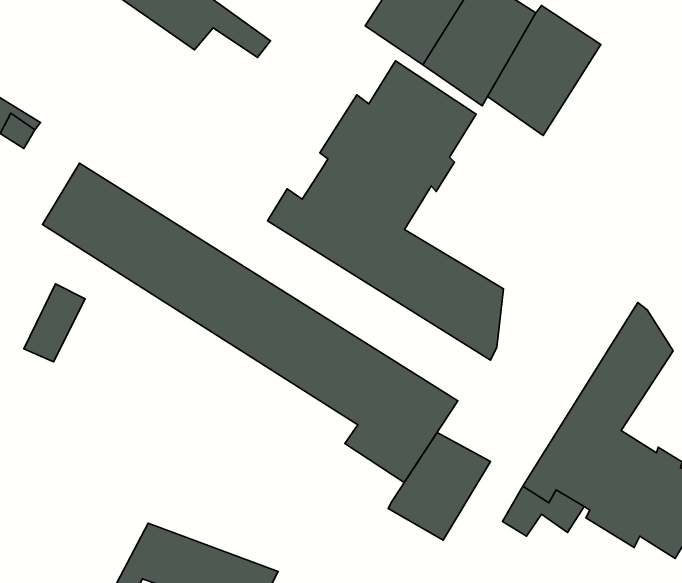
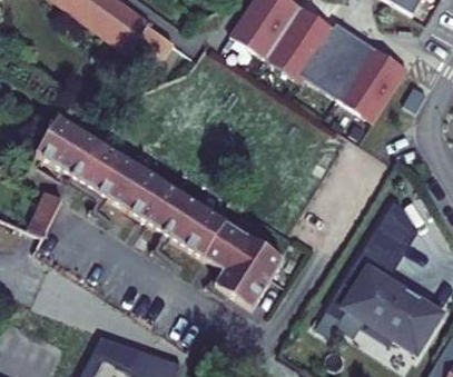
building: none -> [337,44,407,121]
building: [268,61,503,360] -> none
building: [388,433,490,540] -> none

